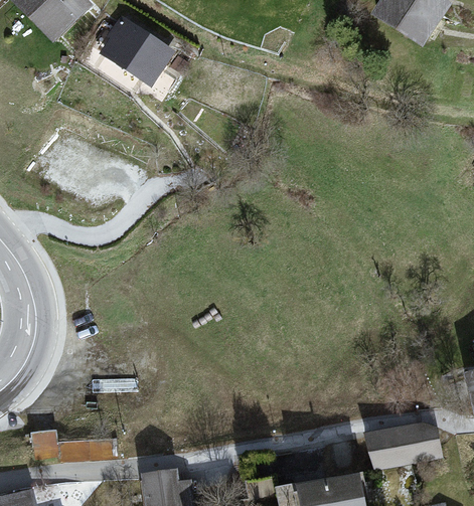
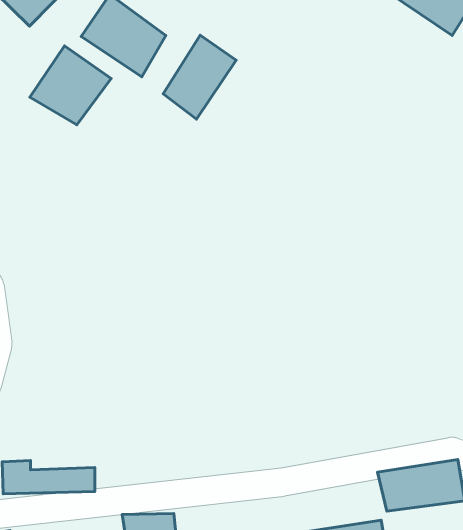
building: none -> [163,35,236,119]
building: none -> [30,46,111,125]

